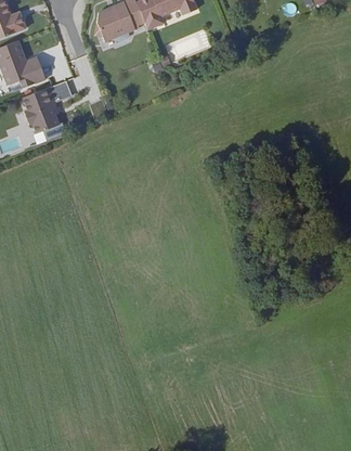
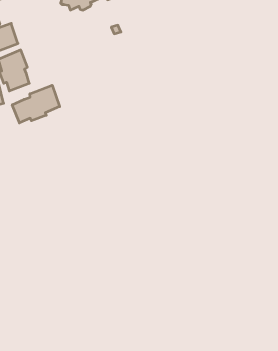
building: none -> [12,85,60,123]

